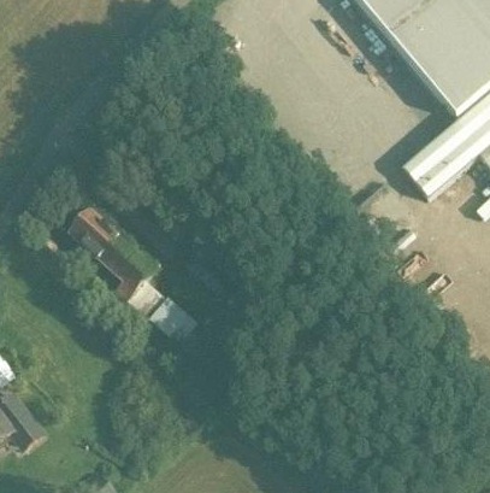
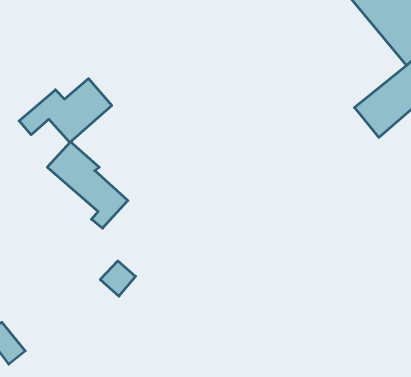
building: none -> [19,79,112,143]
building: [148,293,187,331] -> [100,261,136,296]

